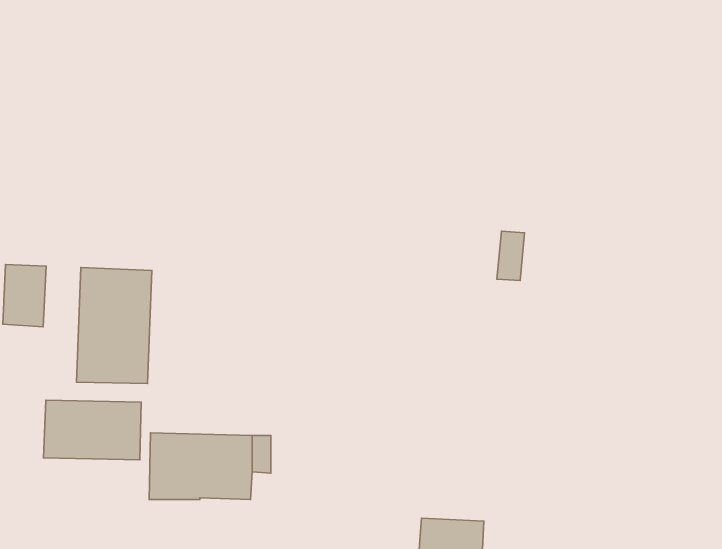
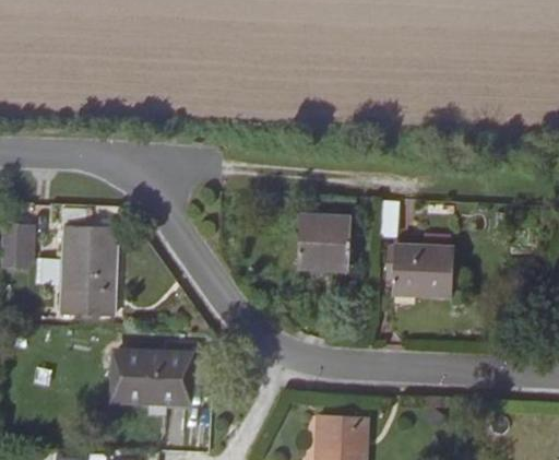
building: none -> [298,217,352,269]
building: none -> [386,246,455,296]
building: [44,400,141,460] -> none

